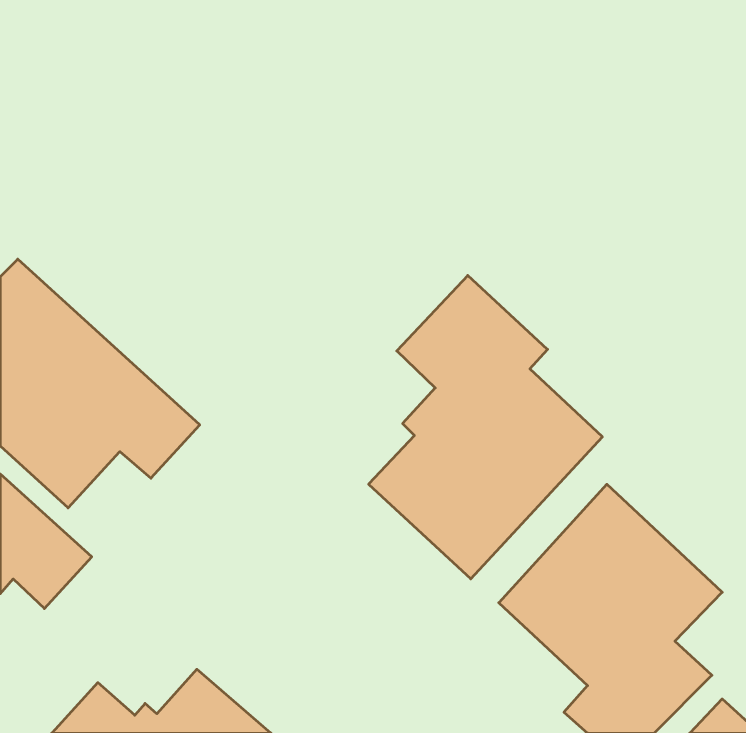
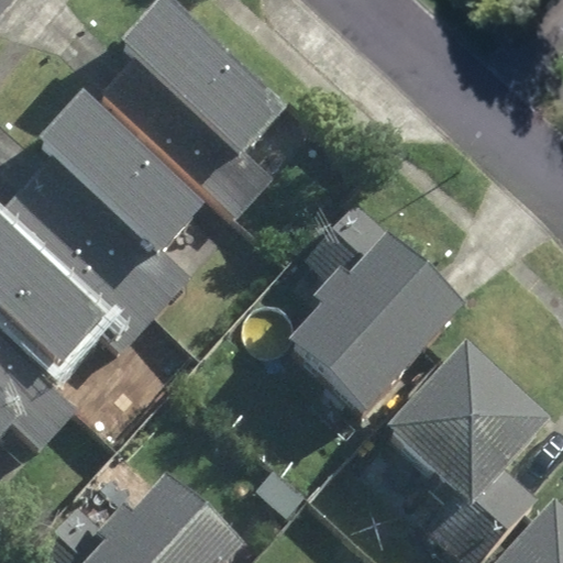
building: none -> [100,18,278,219]
building: none -> [21,115,194,316]

